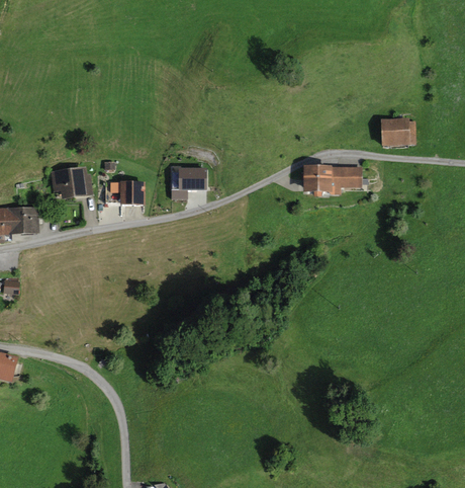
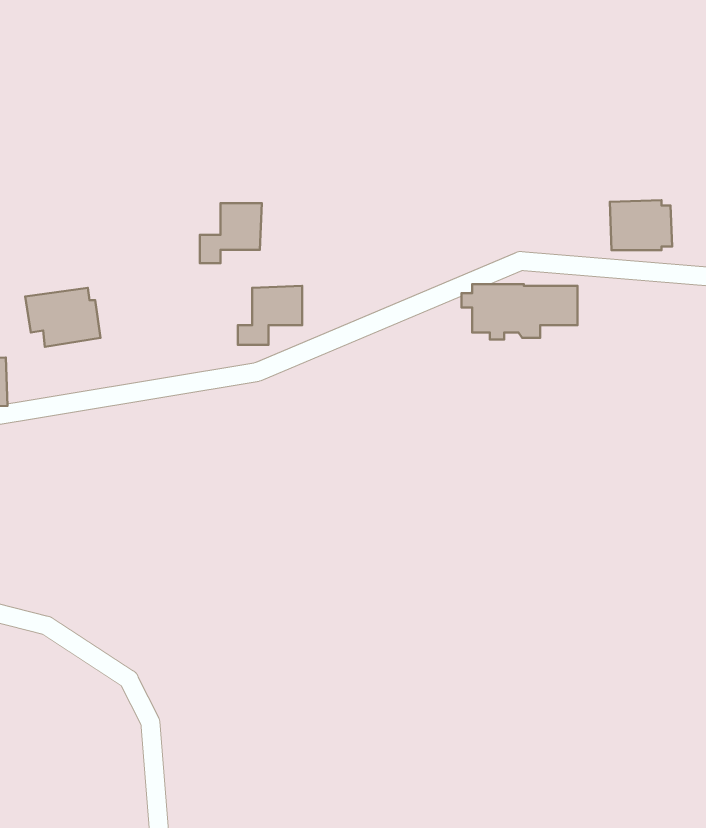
building: none -> [200,203,262,263]
building: [120,182,145,206] -> none

